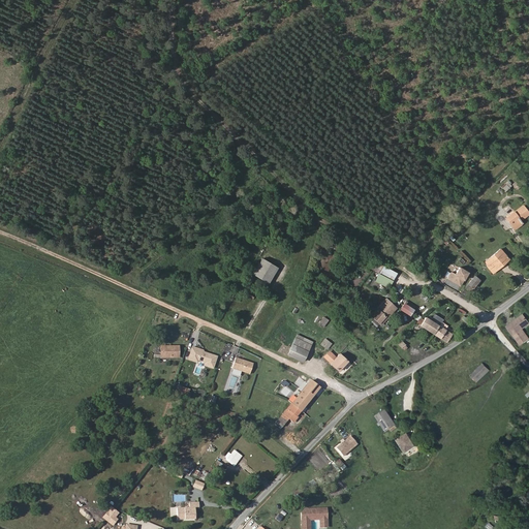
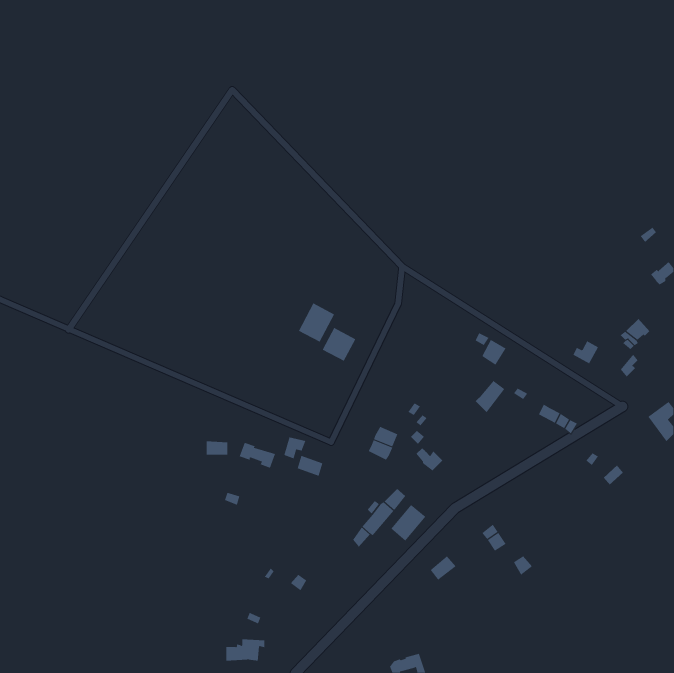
building: none -> [298,303,335,343]
building: none -> [390,504,426,541]

